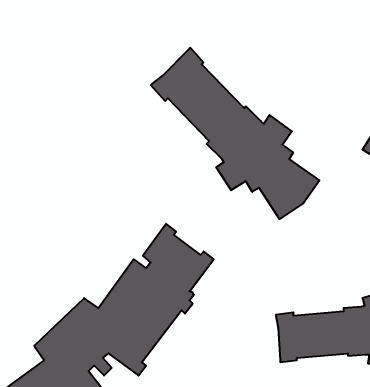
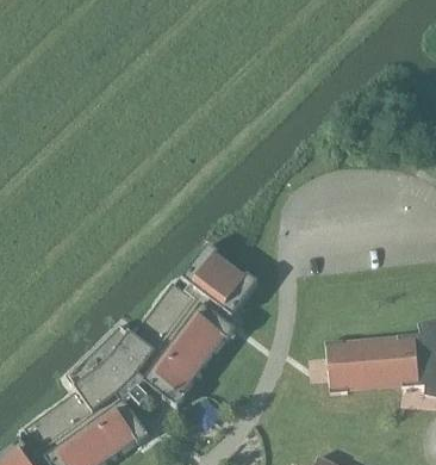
building: [151,48,319,219] -> none

